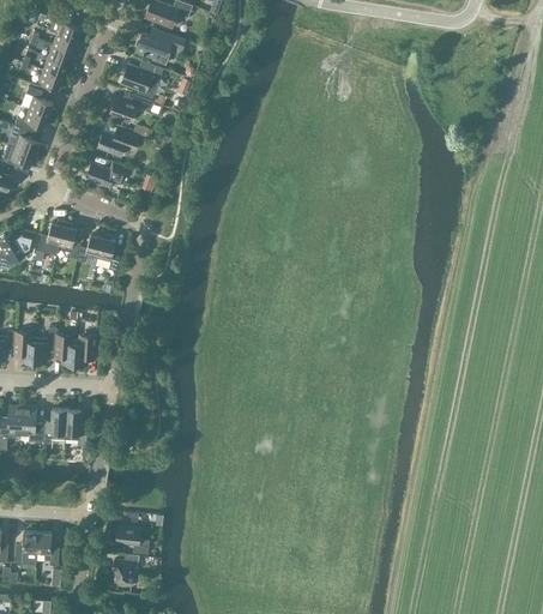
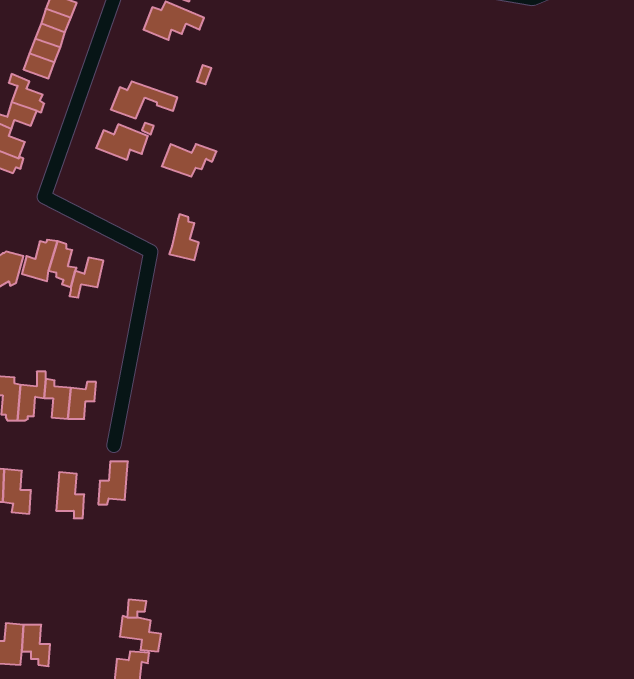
building: [120,64,163,98] -> none
building: [84,162,128,188] -> [162,144,217,177]
building: [95,234,119,271] -> [169,214,199,260]
building: [42,409,66,444] -> [98,461,128,504]

